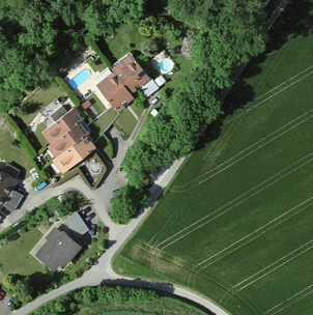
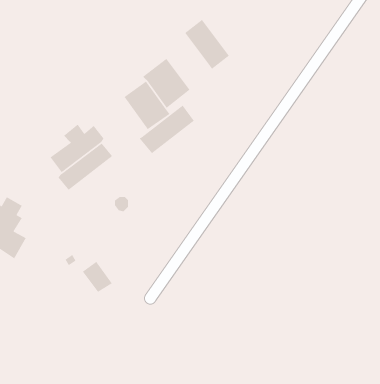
building: none -> [184,19,230,70]
building: [52,134,95,172] -> [138,105,195,154]
building: [35,225,80,269] -> none

